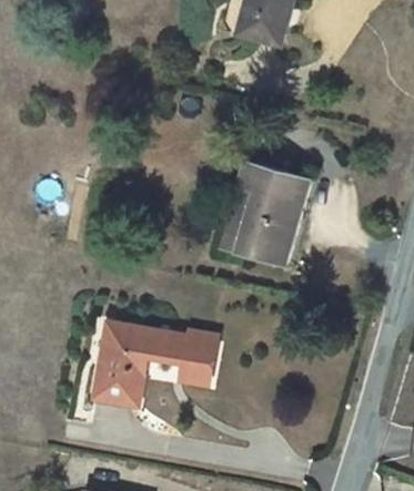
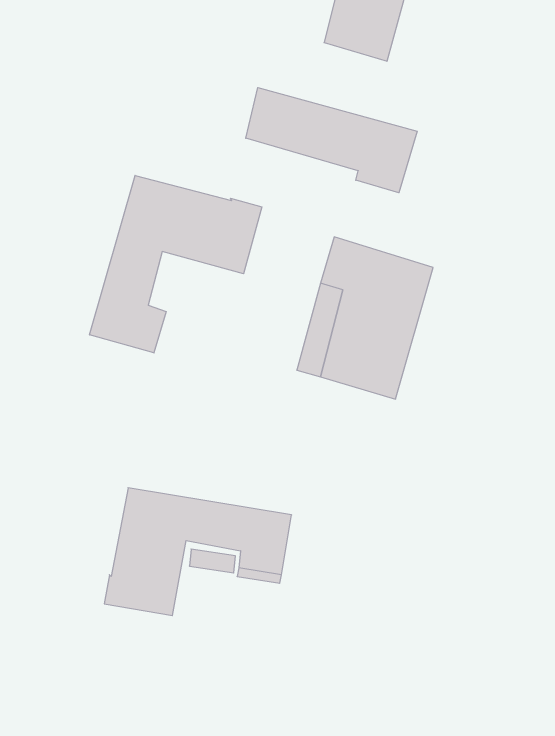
building: none -> [246,88,417,193]
building: none -> [90,175,262,353]

